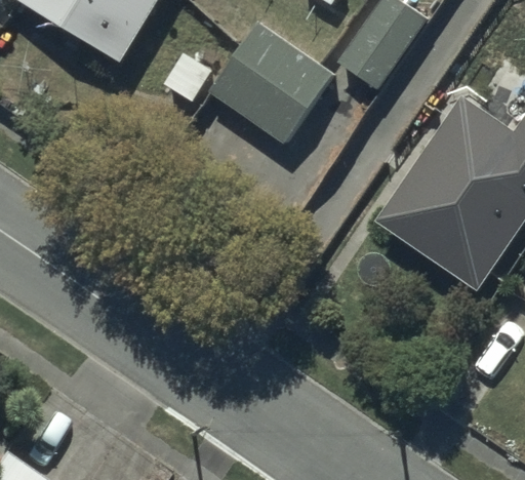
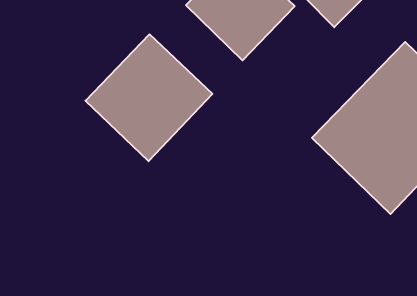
building: none -> [85,34,212,161]

